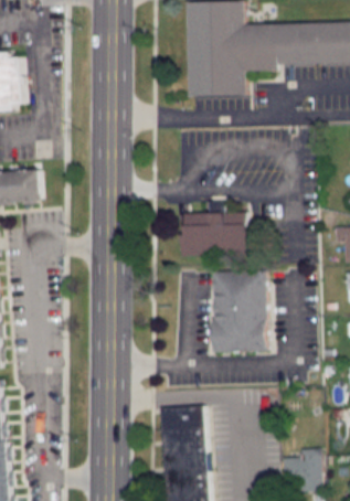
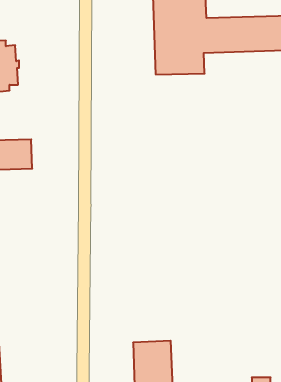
building: [181,201,252,256] -> none
building: [212,269,267,352] -> none

